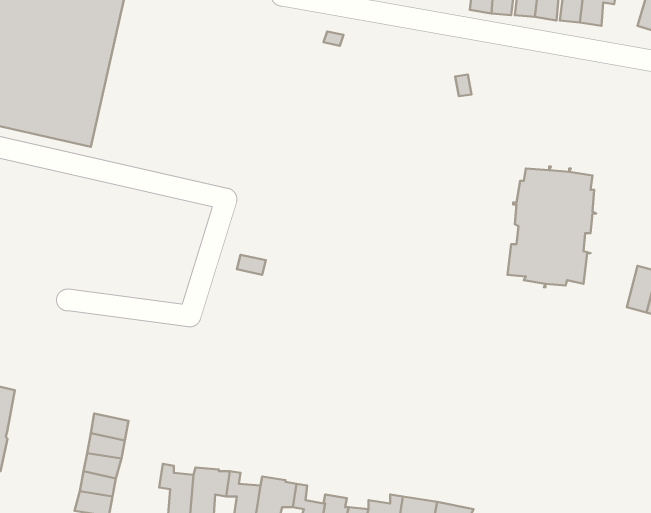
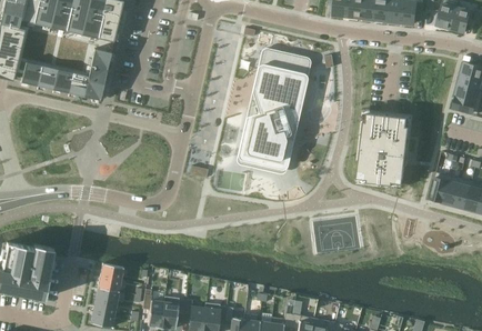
building: none -> [239,49,311,171]

